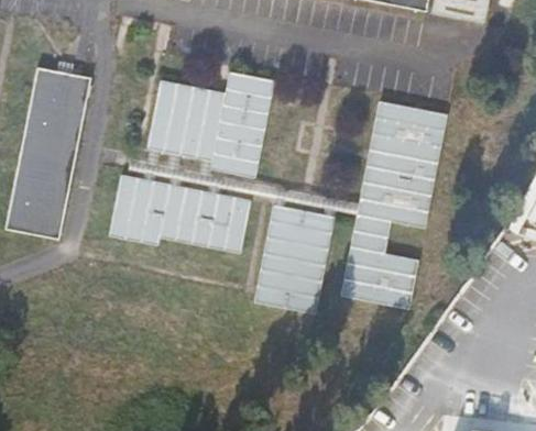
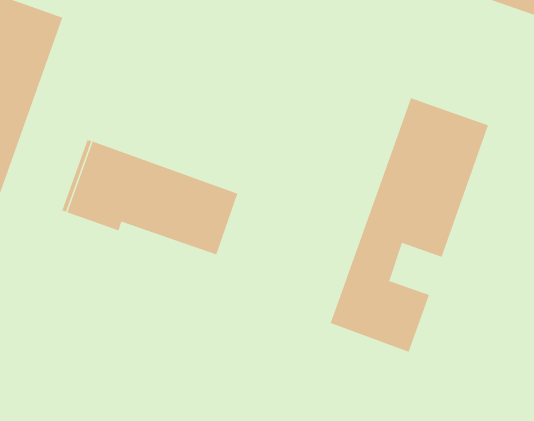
building: [149,70,276,177] -> none
building: [255,203,336,313] -> none

